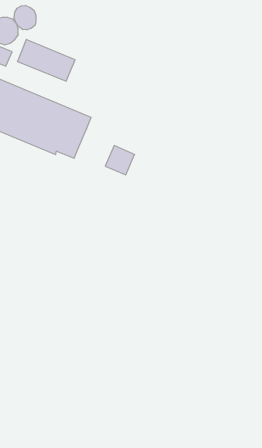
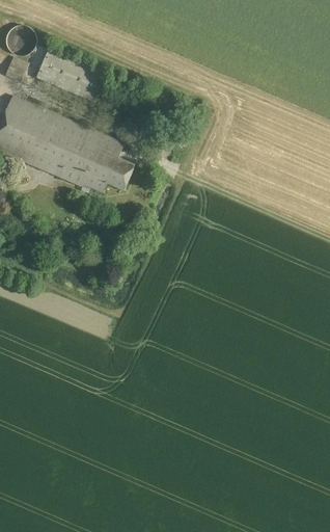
building: [14,5,36,30] -> none
building: [105,146,135,175] -> [107,156,141,190]

